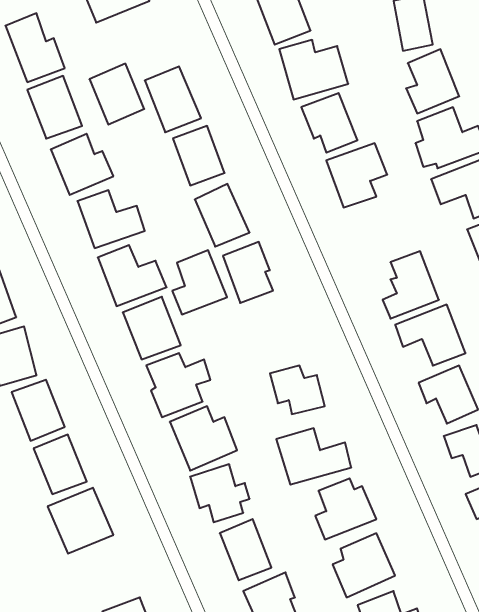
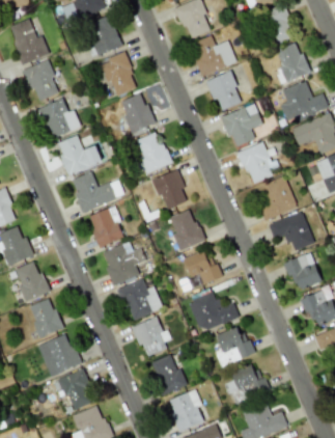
building: [89,64,144,125] -> [86,15,122,55]
building: none -> [240,142,279,183]
building: [172,250,227,314] -> [167,209,203,251]
building: none -> [54,369,94,409]

